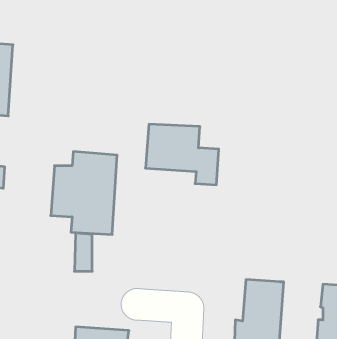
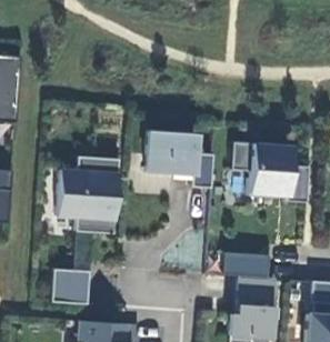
building: none -> [231,140,309,200]
building: none -> [227,252,273,279]
building: none -> [51,269,90,304]

